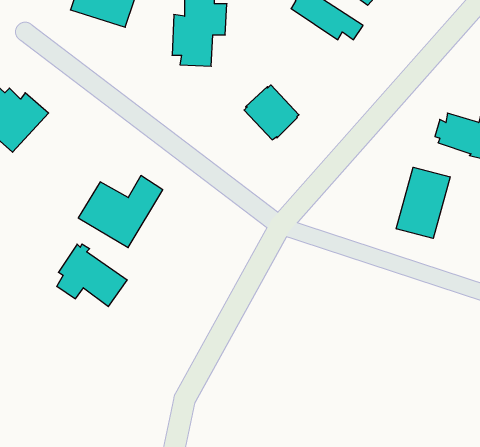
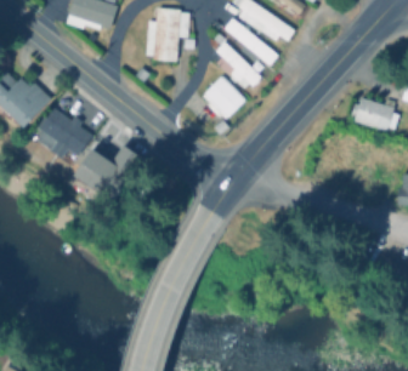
building: none -> [223,18,277,64]
building: none -> [215,41,260,87]
building: [396,167,450,238] -> none
building: [57,244,127,307] -> [36,107,91,155]

